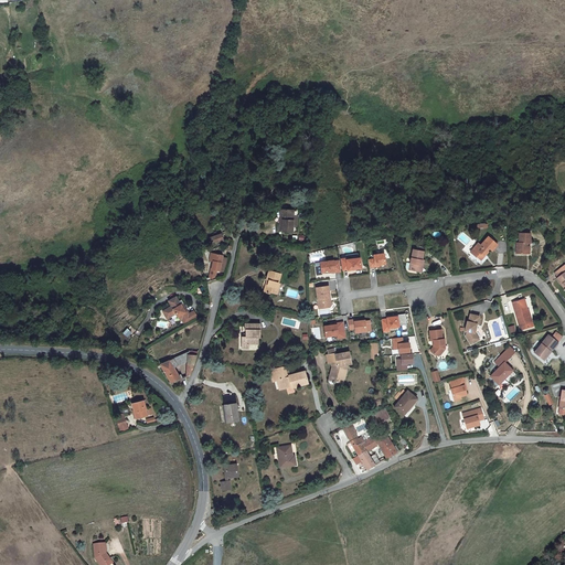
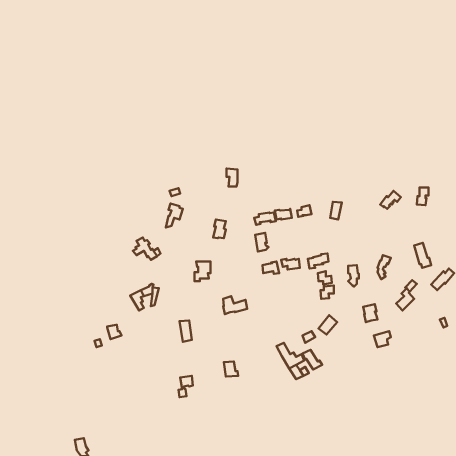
building: [327,350,350,383] -> none

